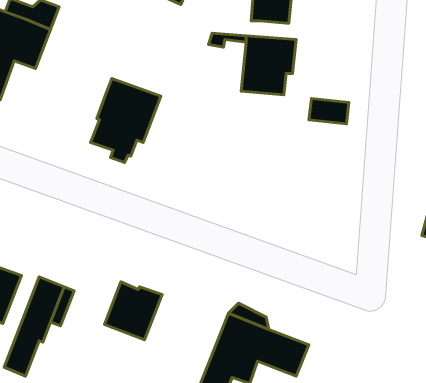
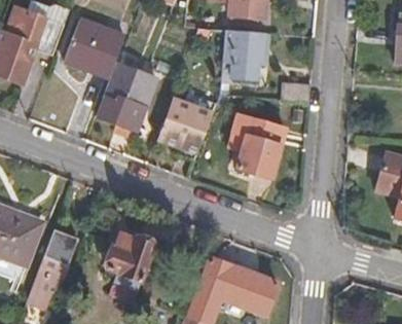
building: none -> [66,21,125,78]
building: none -> [157,99,213,154]
building: none -> [228,116,282,178]

